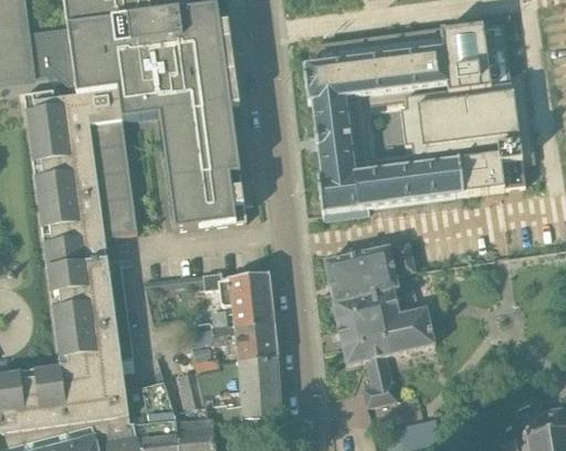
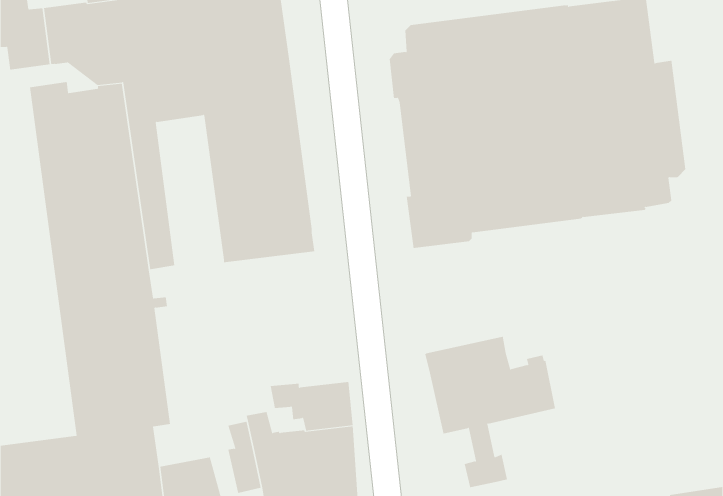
building: [324,242,416,302] -> none
building: [202,272,273,328] -> none

